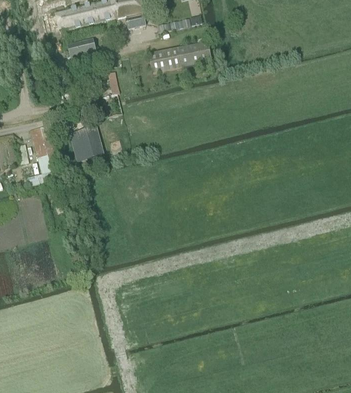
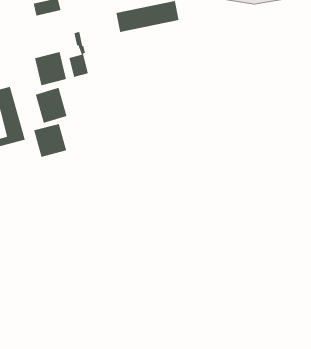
building: none -> [34,51,67,86]
building: none -> [33,123,67,158]

